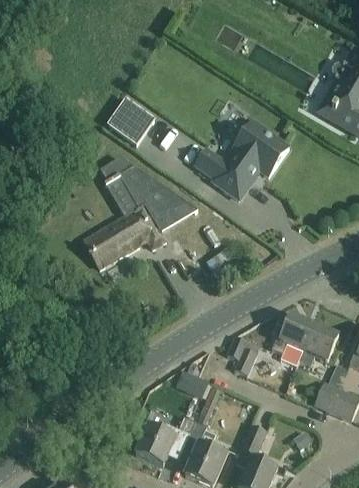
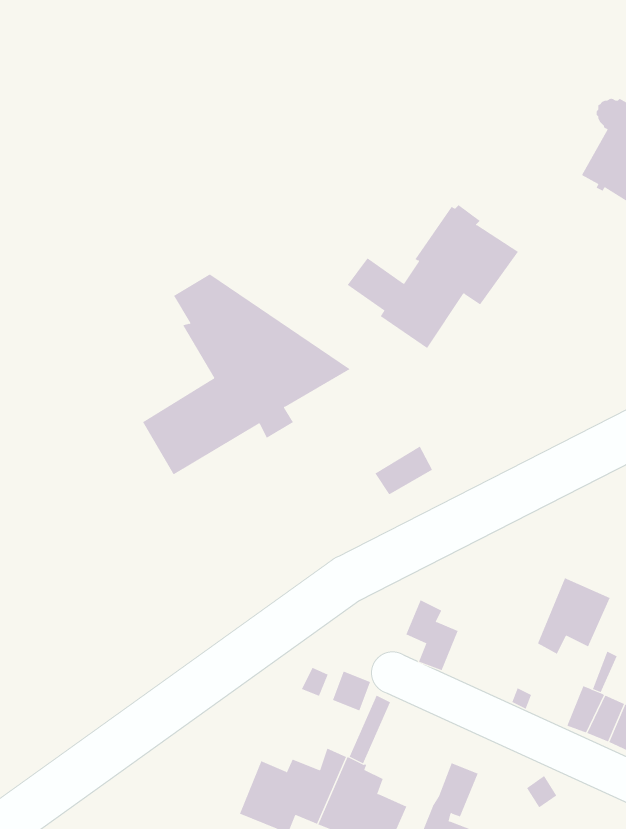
building: [109,93,159,143] -> none
building: [271,314,314,366] -> none

